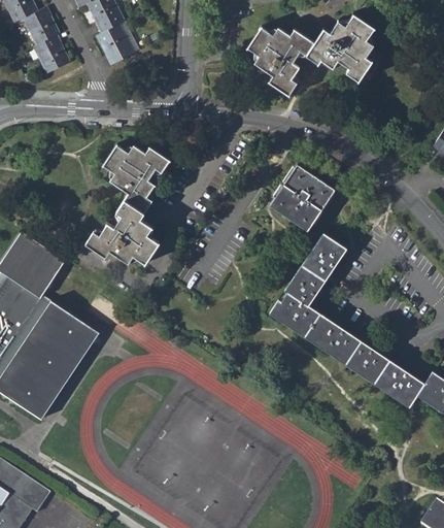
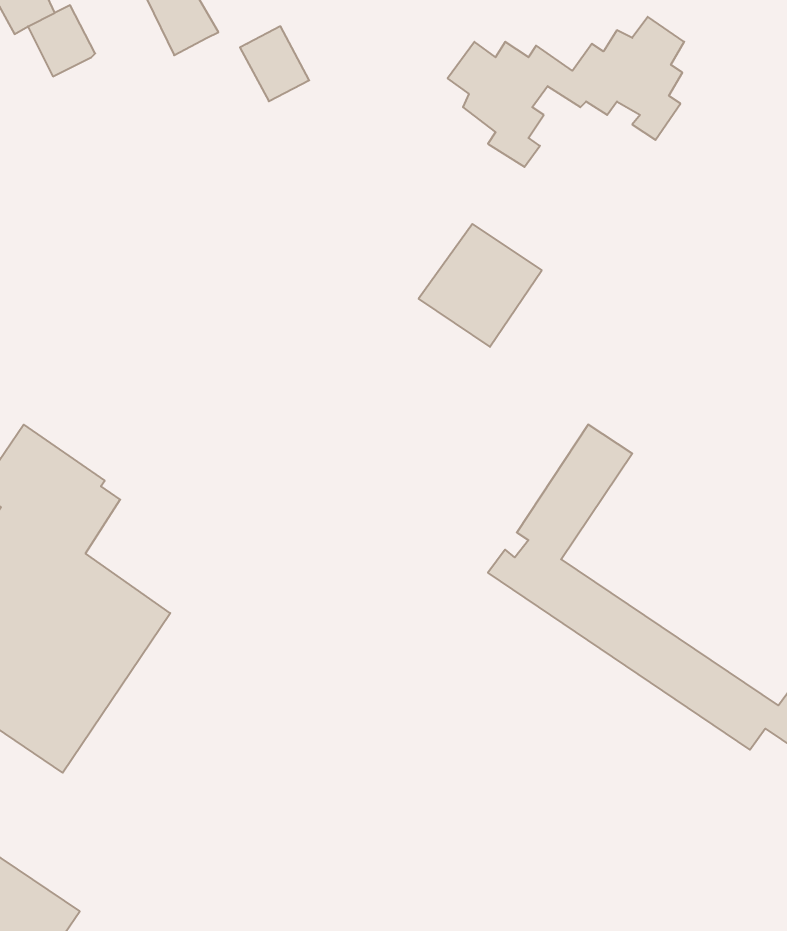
building: [97,26,134,66] -> [240,26,309,101]
building: [33,36,70,74] -> none
building: [86,145,170,264] -> none
building: [269,165,335,231] -> [419,224,542,347]

